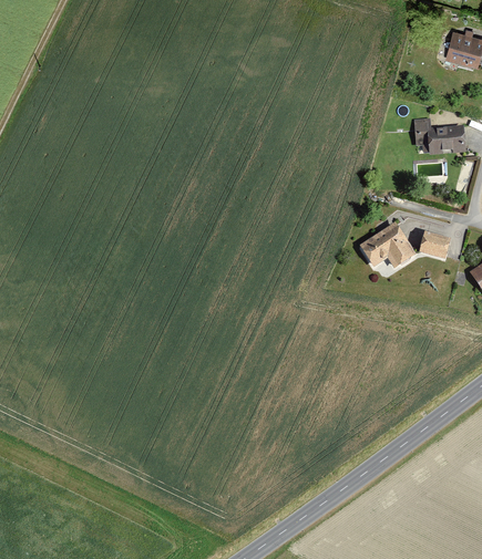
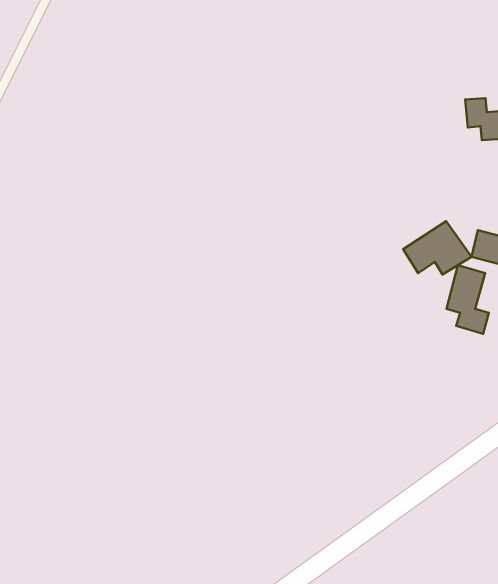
building: none -> [447,265,489,334]

